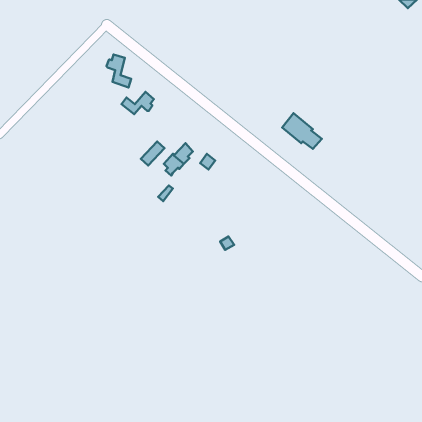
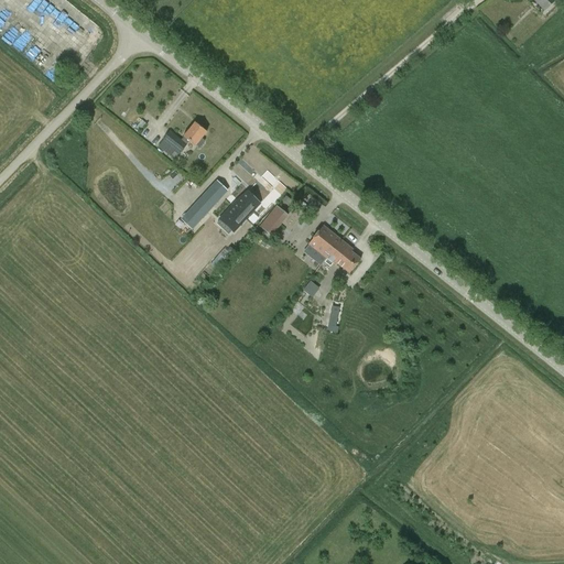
building: [106,54,131,88] -> none
building: [282,113,322,149] -> [307,225,360,272]

